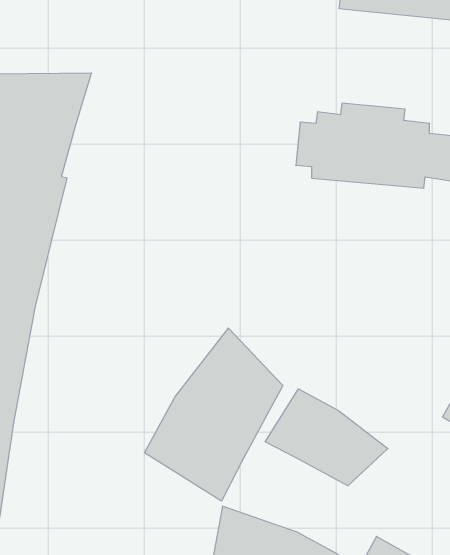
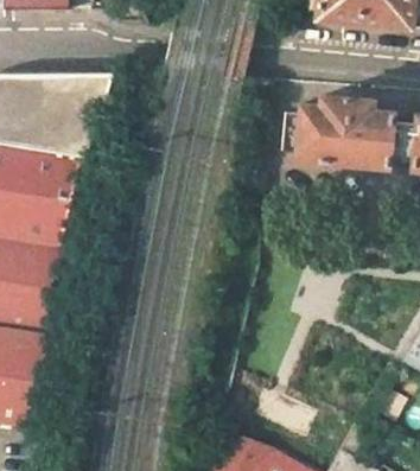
building: [145,328,283,501] -> none
building: [265,389,388,486] -> none

